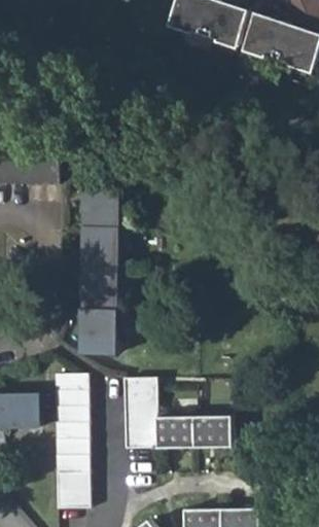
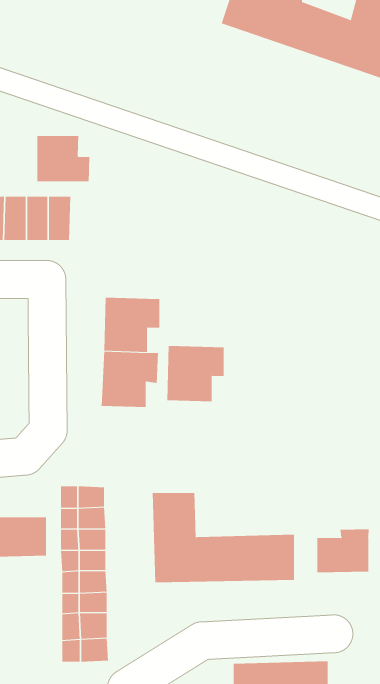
building: none -> [37,135,90,182]
building: [84,186,128,231] -> none
building: [80,313,125,356] -> [167,345,225,402]
building: none -> [317,529,369,573]

